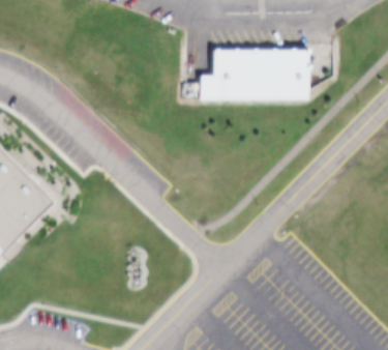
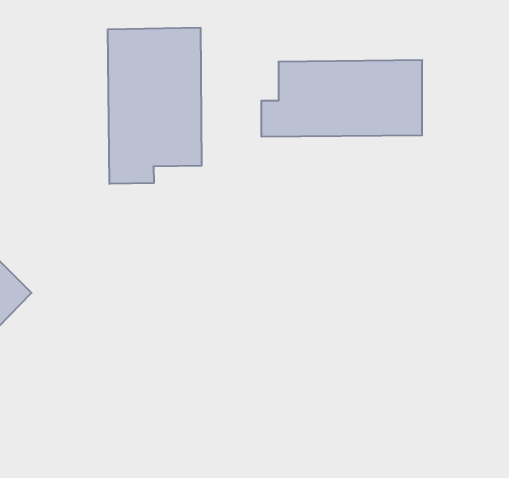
building: none -> [108,28,202,184]

